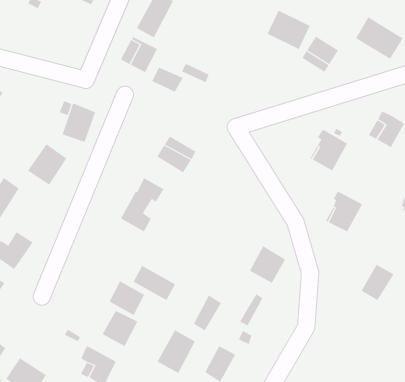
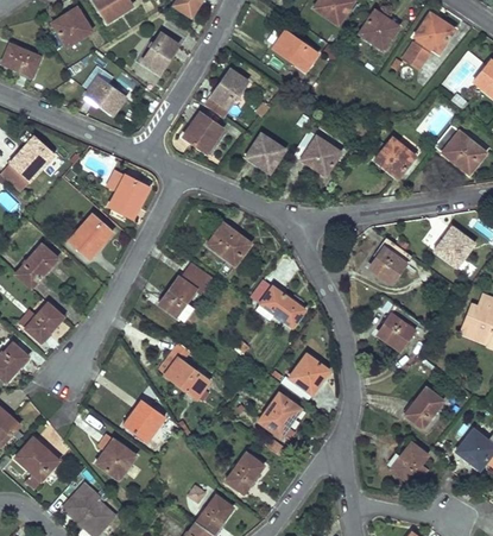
building: [267,10,311,50] -> [292,131,340,176]
building: none -> [87,77,126,114]
building: [151,67,183,93] -> [251,134,285,164]
building: none -> [255,286,304,327]
building: [109,281,145,316] -> none
building: [193,295,222,331] -> [259,392,292,430]
building: none -> [388,442,426,481]
building: [157,330,196,374] -> none

